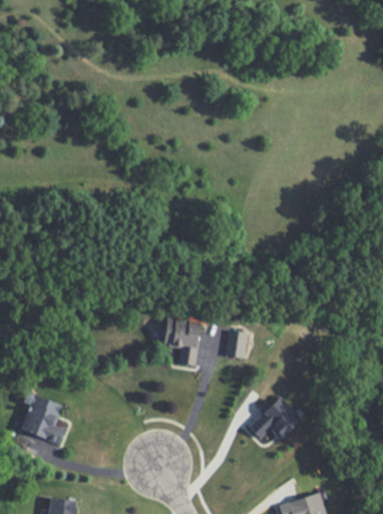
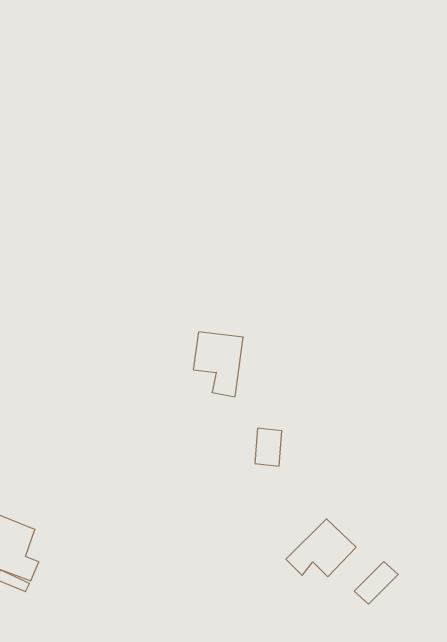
building: [164,317,202,365] -> [193,332,243,397]
building: none -> [354,562,398,604]

